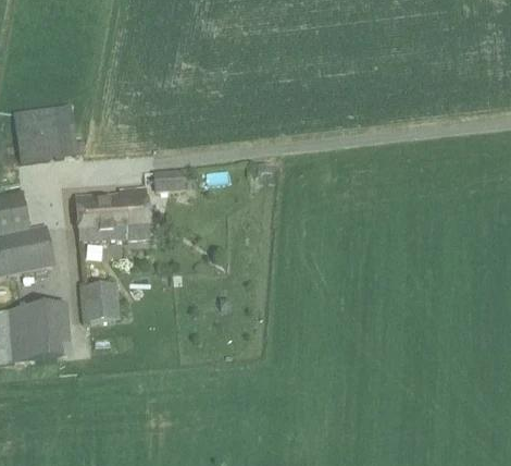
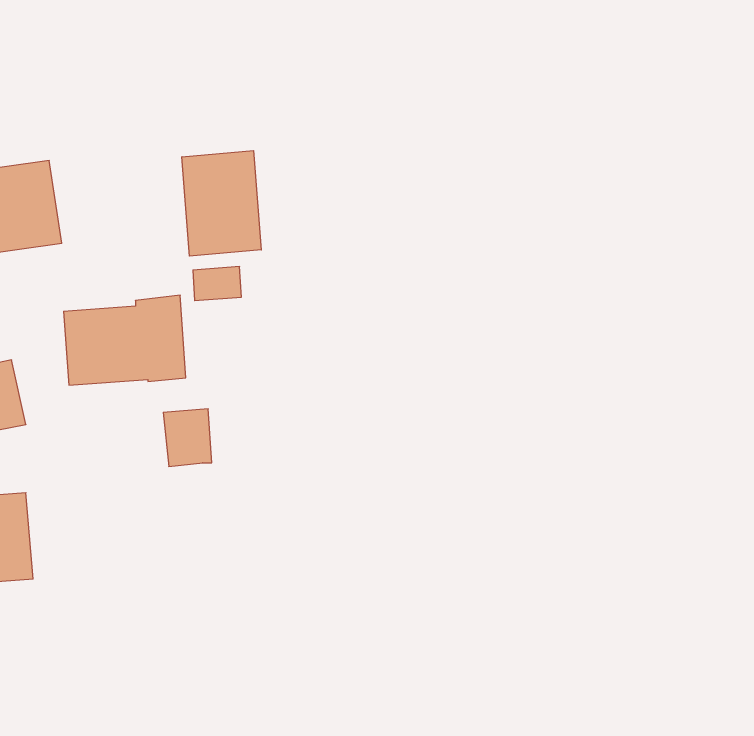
building: none -> [182,151,261,256]
building: [87,286,116,321] -> [163,409,212,466]

